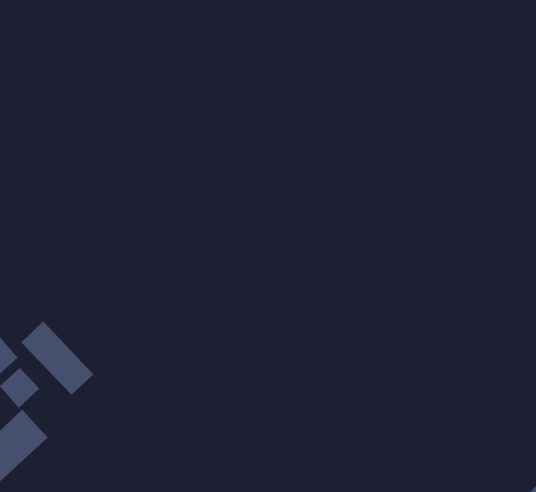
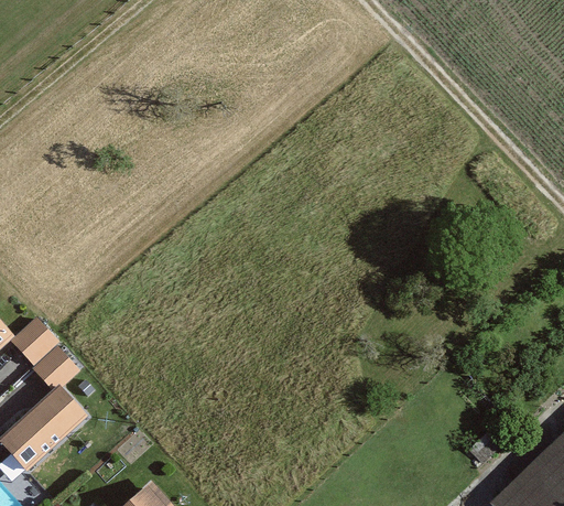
building: [21,321,94,395] -> none

